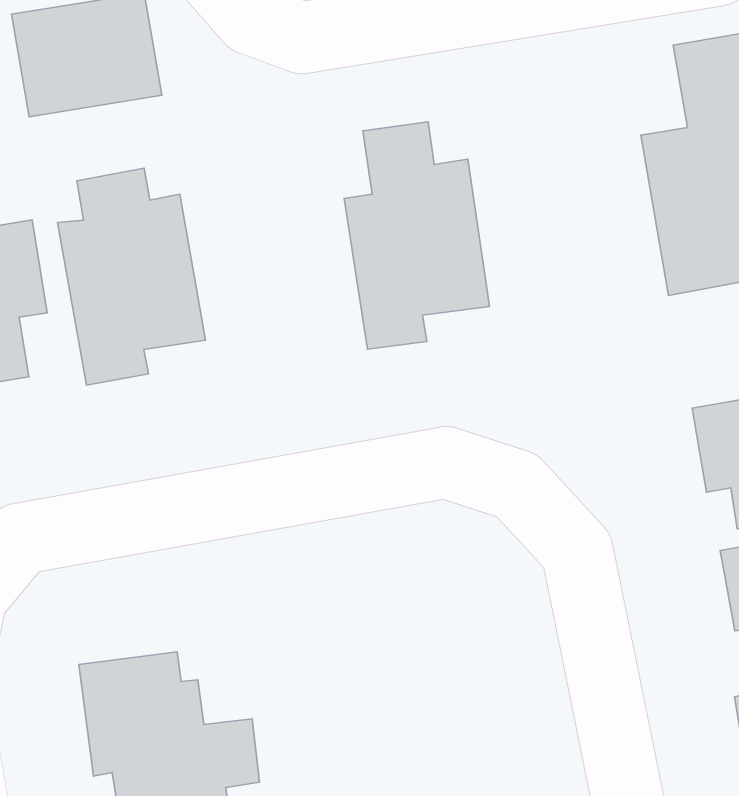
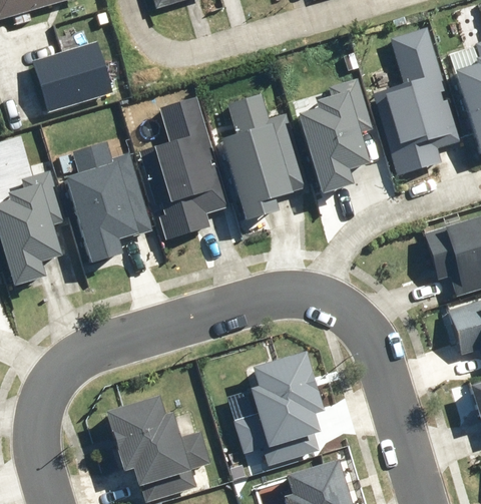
building: none -> [142,95,228,238]
building: none -> [295,80,373,196]
building: none -> [231,350,325,458]

